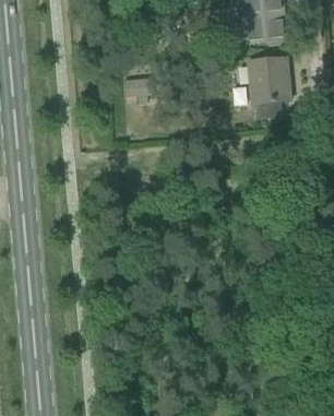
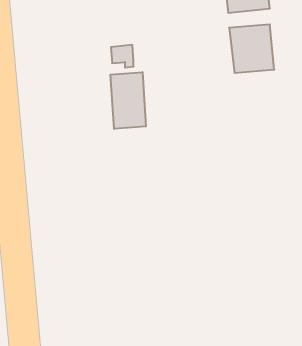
building: none -> [110,72,146,129]

